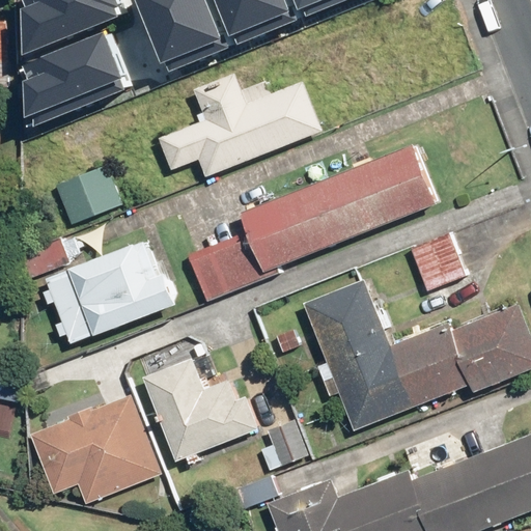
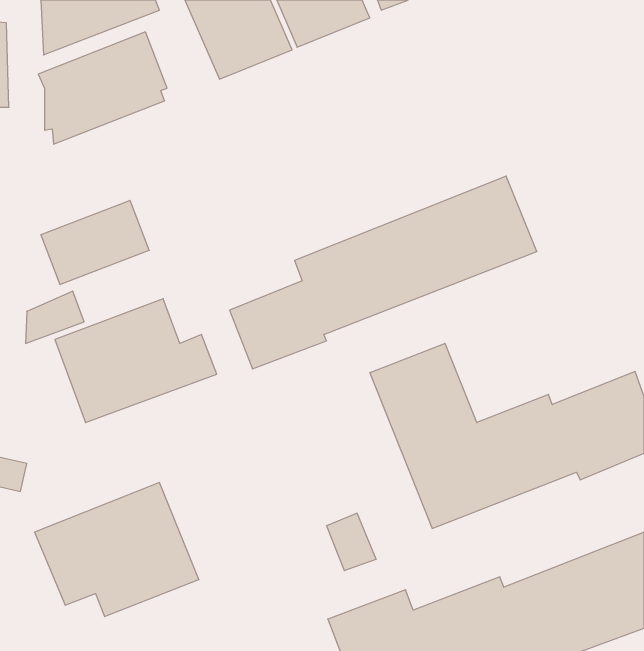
building: [159,73,320,176] -> none
building: [411,236,464,290] -> none
building: [141,358,258,462] -> none

